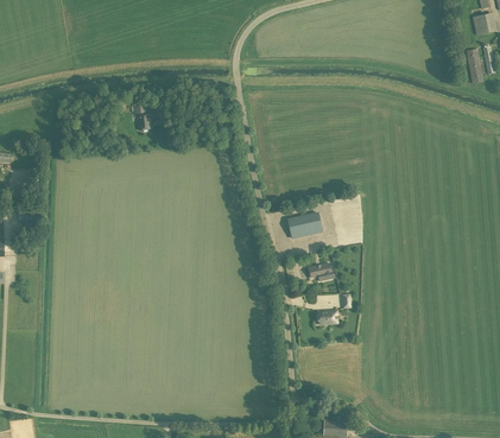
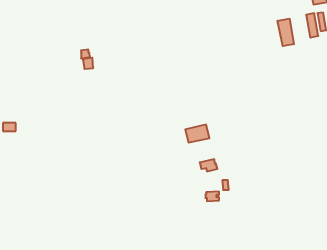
building: none -> [278,19,294,46]

